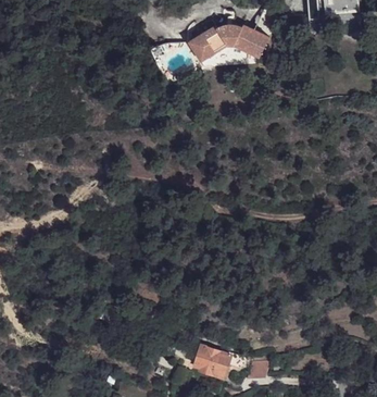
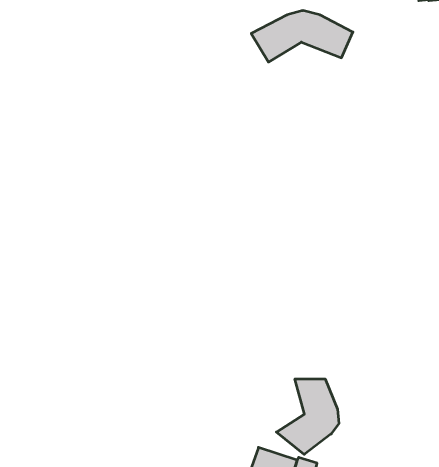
building: none -> [276,379,339,454]

